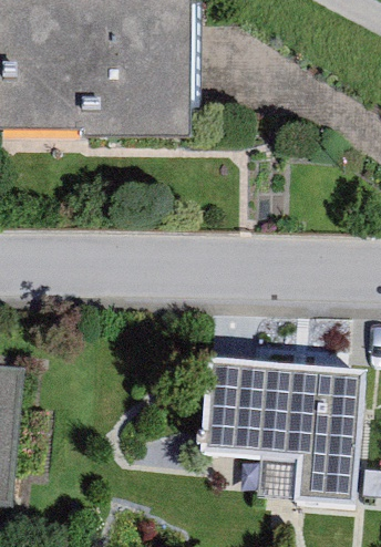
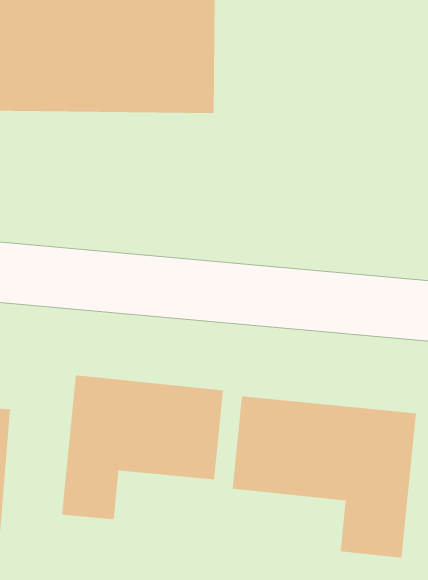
building: none -> [61,374,224,520]

